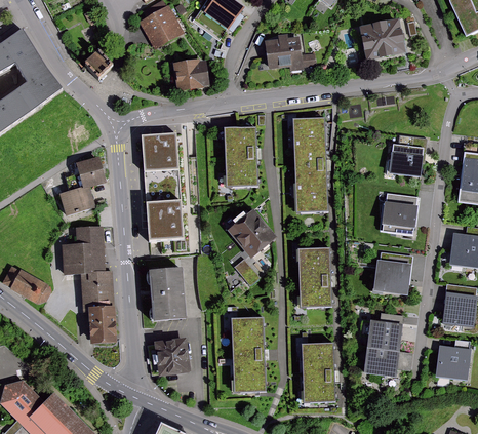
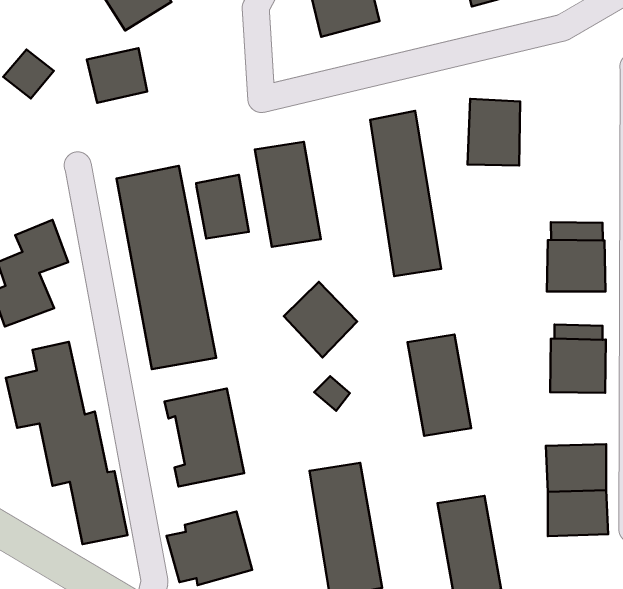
building: [177,58,210,87] -> [87,48,147,103]
building: [389,135,424,177] -> [468,99,520,165]
building: none -> [196,175,249,238]

